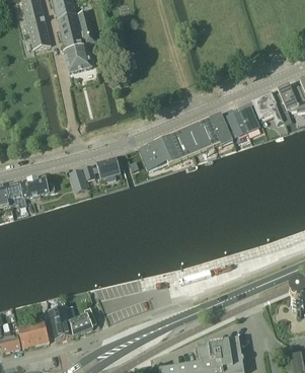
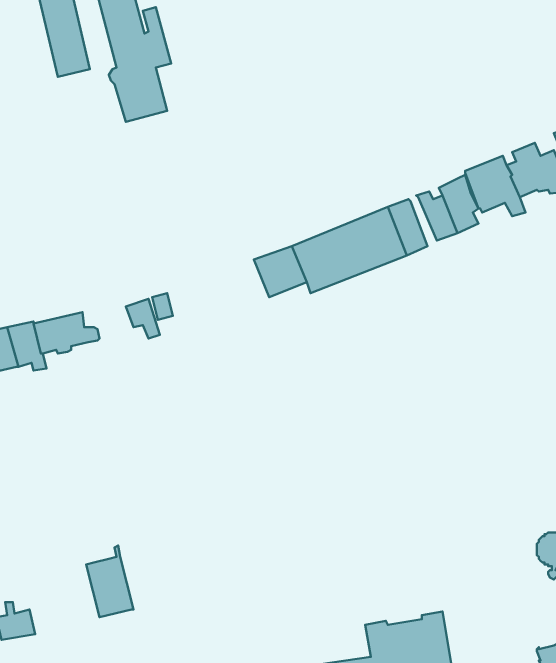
building: [96,156,121,180] -> none
building: [66,305,95,335] -> none
building: [16,319,49,348] -> none

